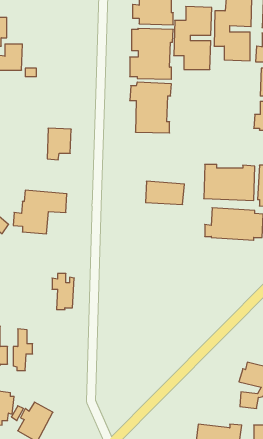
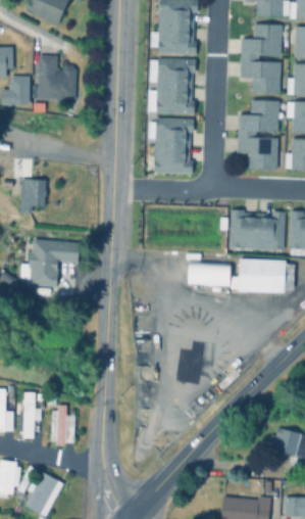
building: [174,7,212,69] -> [238,101,279,171]
building: none -> [32,56,77,101]
building: [47,128,71,160] -> [19,178,46,213]
building: [146,181,184,204] -> [188,261,231,286]
building: [52,274,74,310] -> [51,405,75,444]

